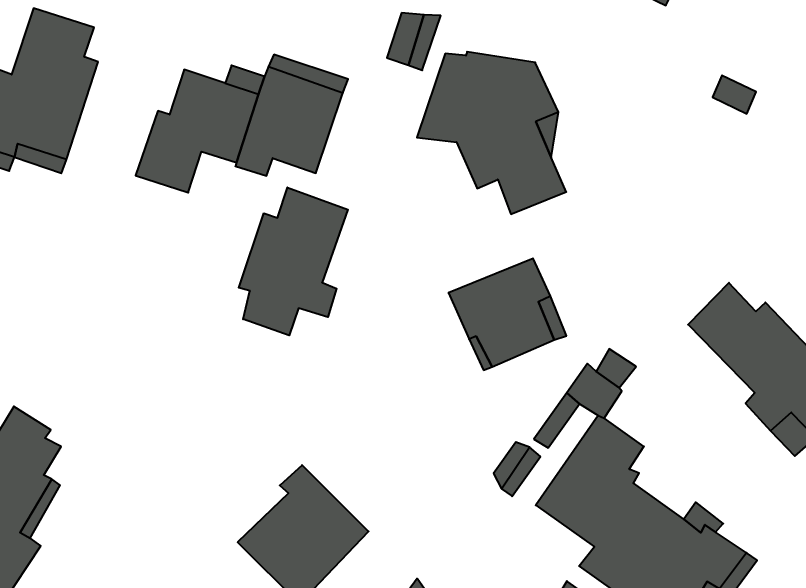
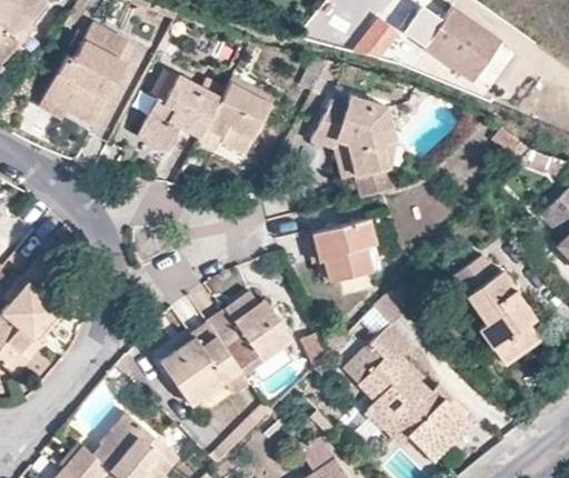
building: [239,187,348,335] -> none
building: none -> [207,292,292,376]

